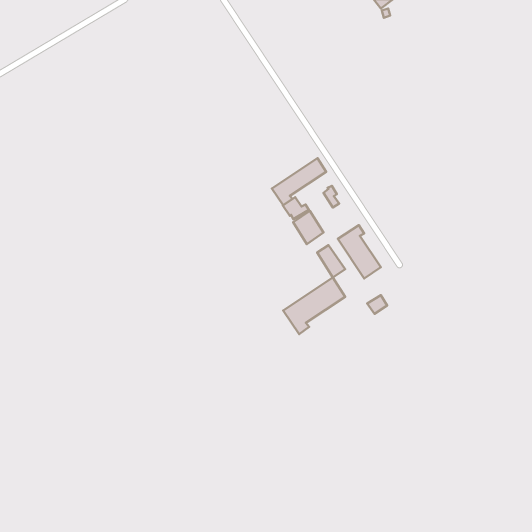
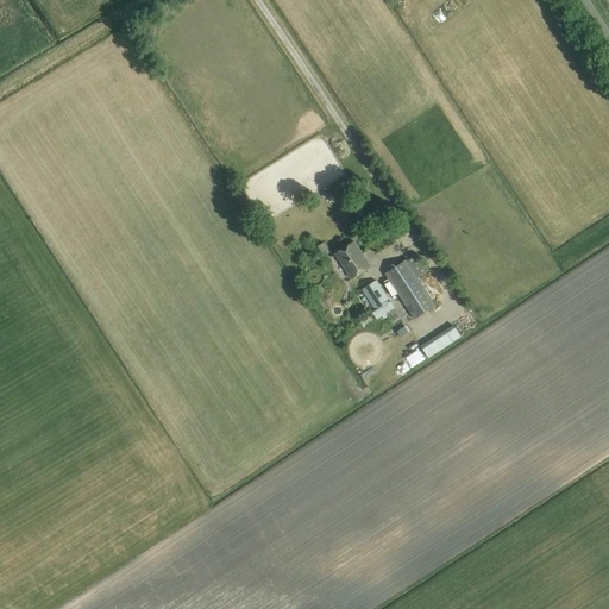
building: [272,158,326,205] -> none
building: [283,277,345,334] -> none

